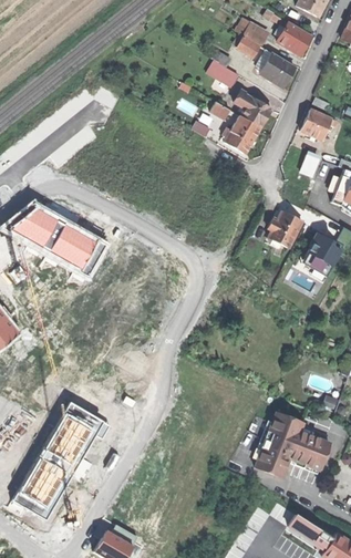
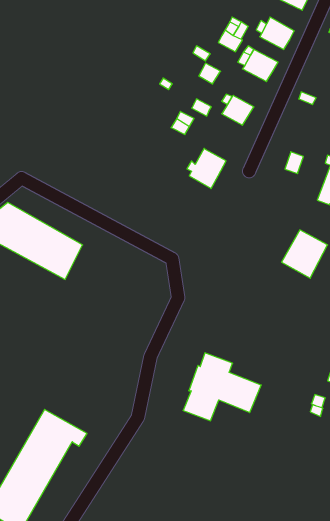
building: [302,111,338,141] -> none
building: [223,117,260,156] -> [187,148,226,189]
building: [270,211,304,249] -> none
building: [256,412,331,477] -> [183,353,261,421]

